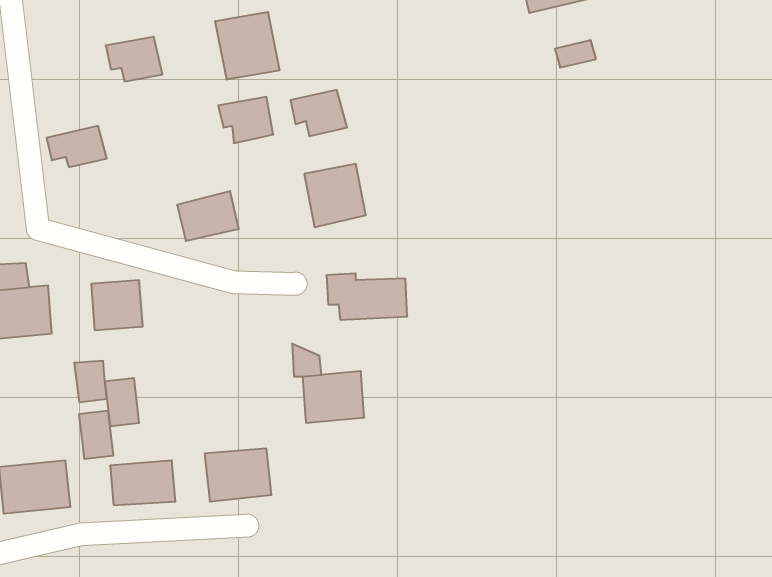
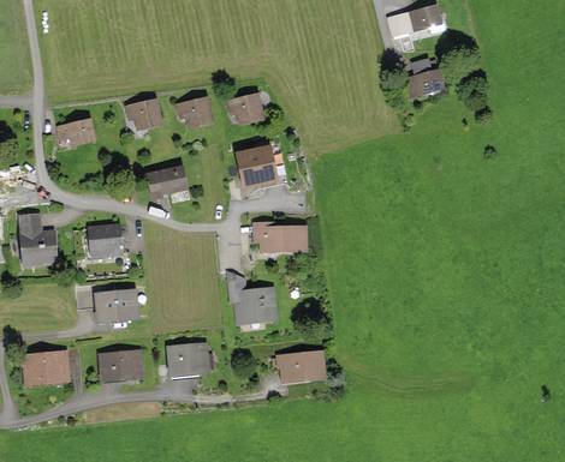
building: [215,12,280,80] -> none
building: [106,37,162,81] -> [123,97,162,128]
building: none -> [405,68,445,97]
building: [79,411,113,459] -> [115,290,139,324]
building: none -> [275,350,326,385]

